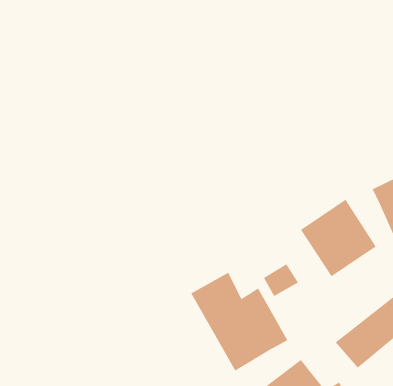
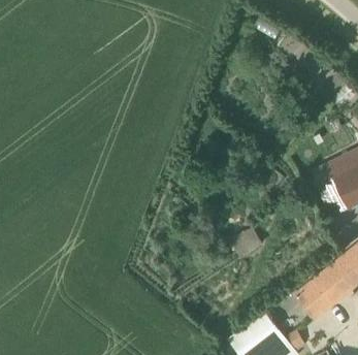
building: [300,199,377,277] -> none
building: [191,272,288,372] -> none

